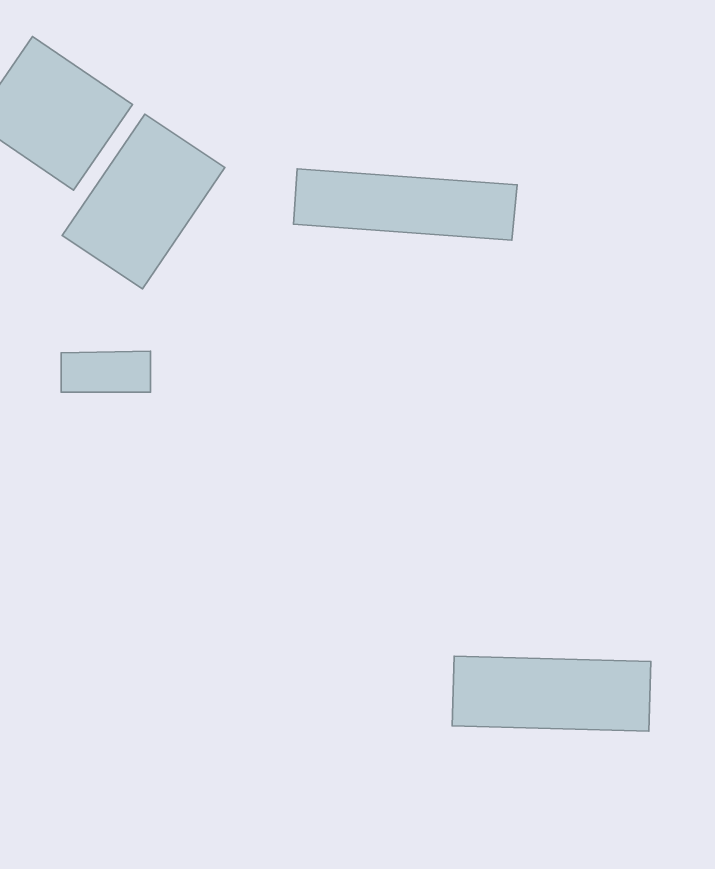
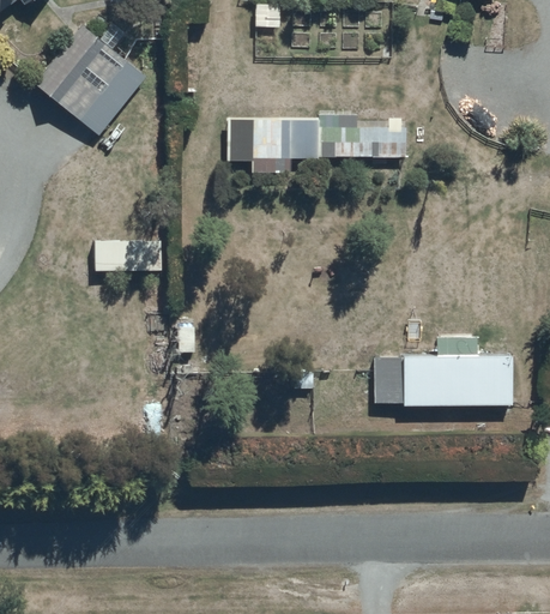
building: [62,114,225,289] -> none
building: [452,656,651,731] -> [376,353,509,403]

